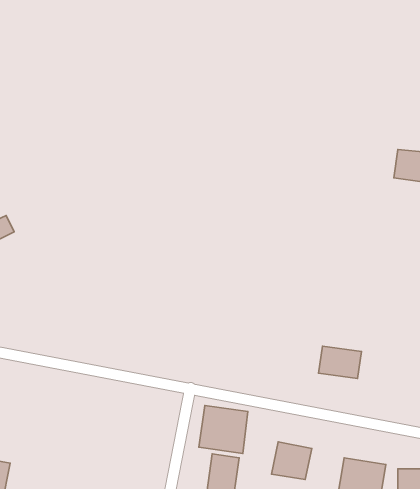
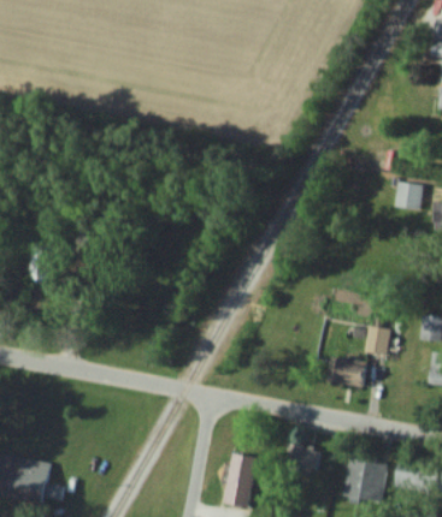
building: none -> [365,327,390,356]
building: [199,406,248,453] -> none

